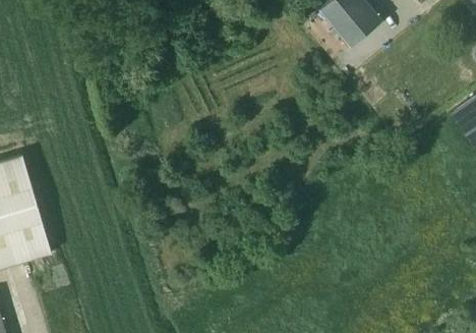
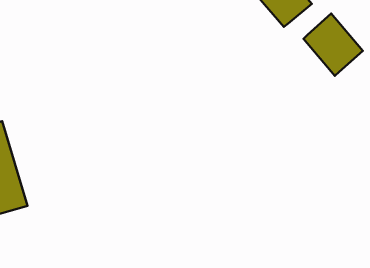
building: none -> [303,14,363,76]

